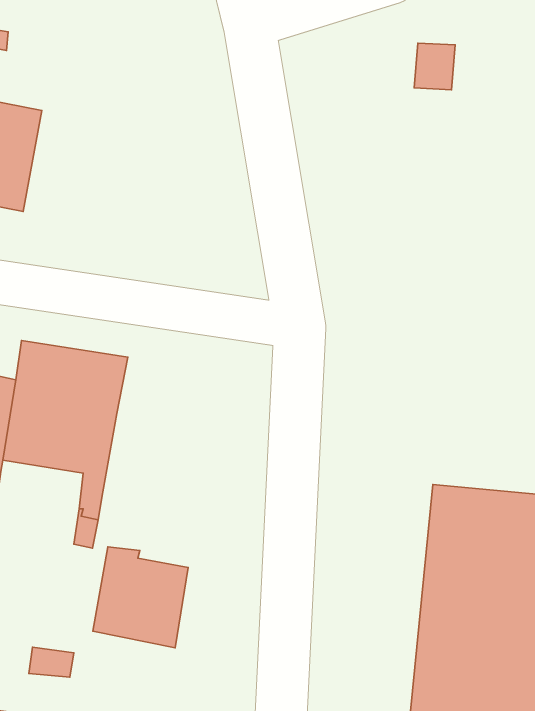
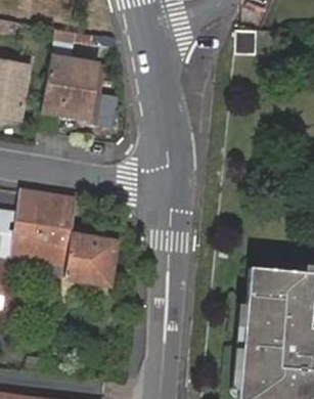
building: none -> [44,57,102,119]
building: [93,547,188,648] -> [65,230,118,285]

